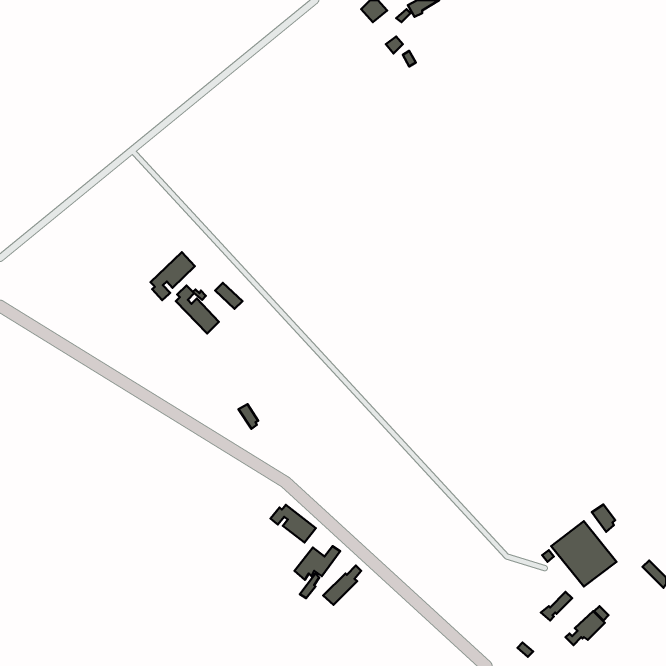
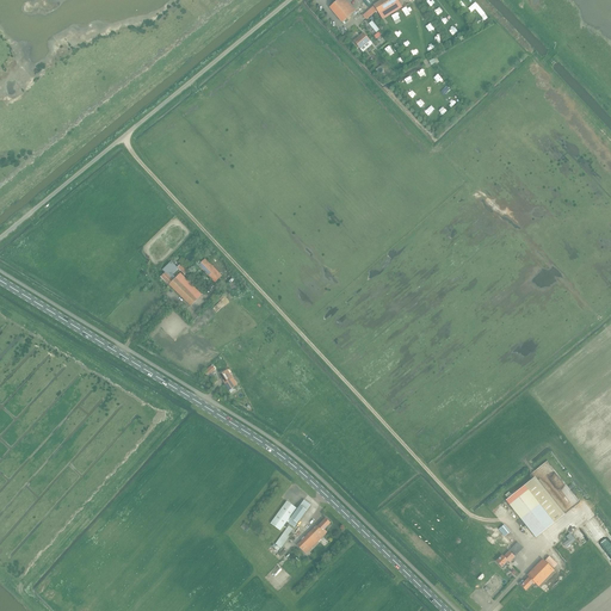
building: [151,252,195,300] -> none
building: [271,505,316,542] -> none

